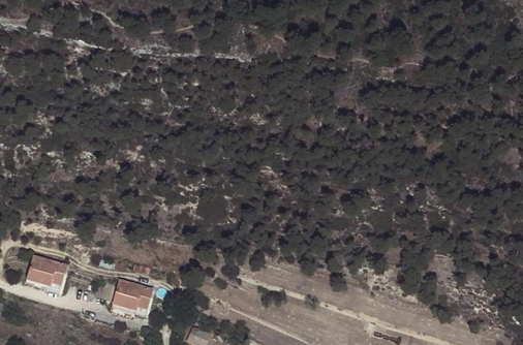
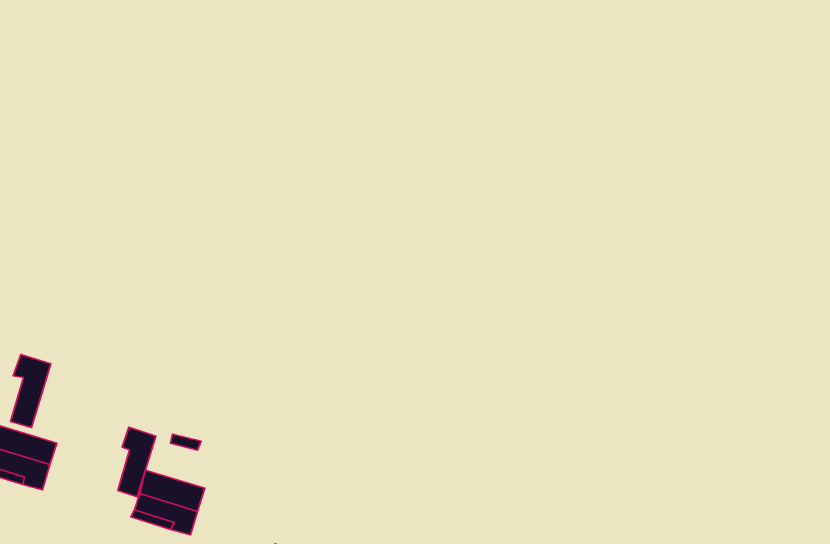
building: none -> [10,354,51,427]
building: none -> [118,427,156,497]

